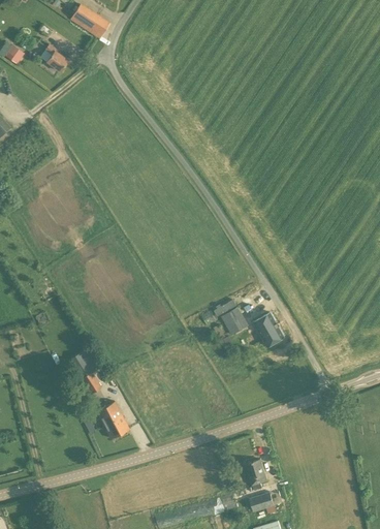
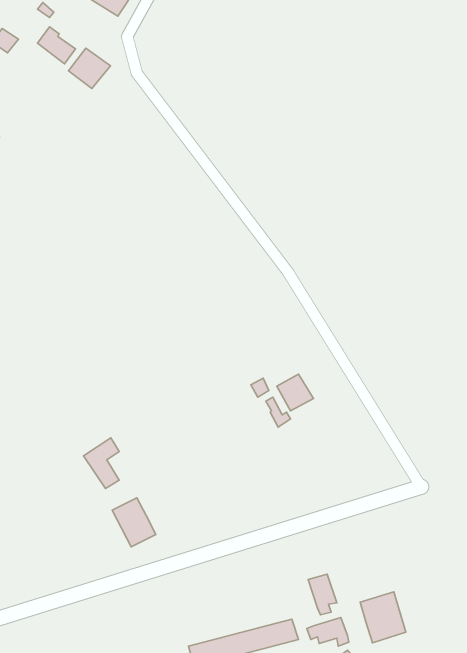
building: none -> [69,48,110,88]
building: [253,312,284,347] -> none
building: none -> [360,592,406,643]

